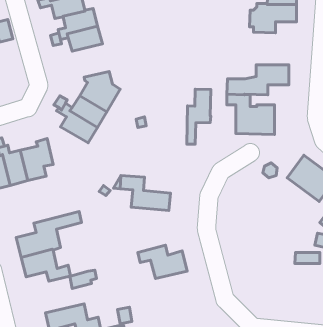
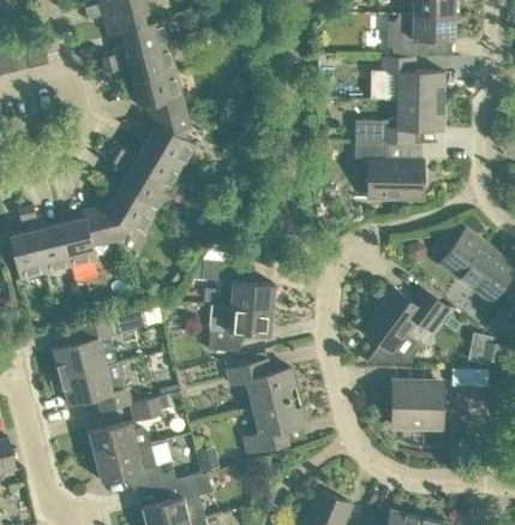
building: none -> [381,56,444,101]
building: none -> [133,71,186,119]
building: [187,89,211,144] -> none
building: none -> [97,190,156,244]
building: none -> [363,287,448,363]
building: none -> [208,305,271,352]
building: none -> [393,382,438,429]
building: none -> [244,396,305,453]
building: none -> [89,422,150,457]

